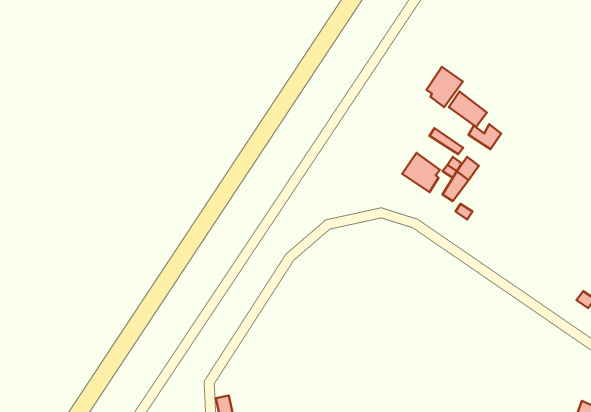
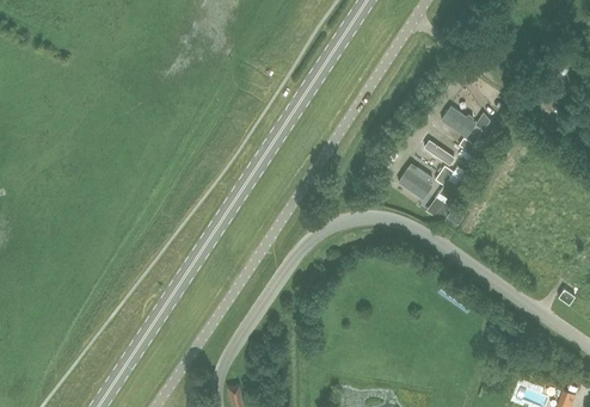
building: [426,67,463,107] -> none

